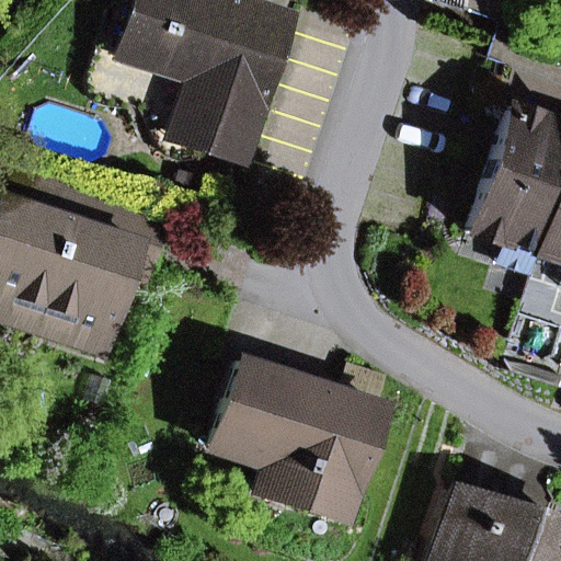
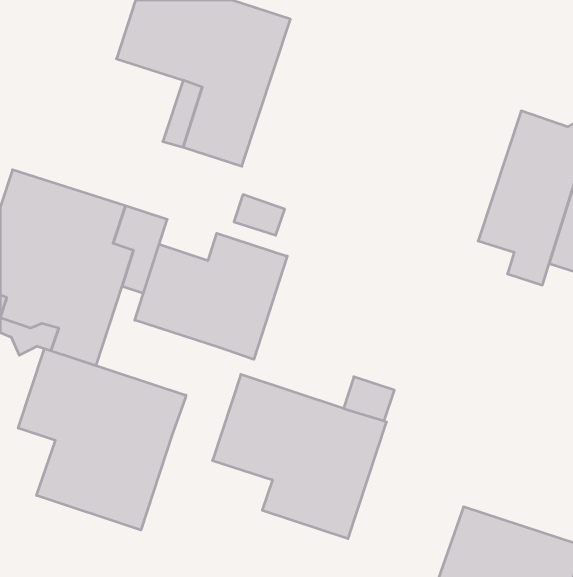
building: none -> [135,233,287,359]
building: none -> [18,349,186,530]

